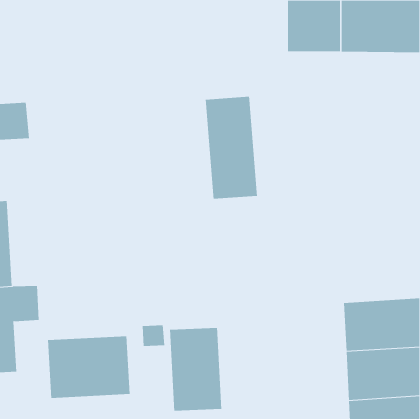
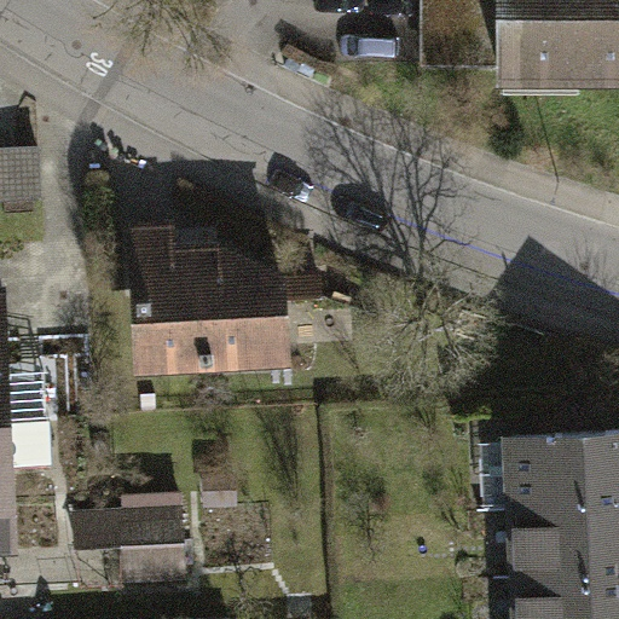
building: [205,96,257,200] -> none
building: none -> [129,225,299,374]
building: [169,327,222,412] -> none

